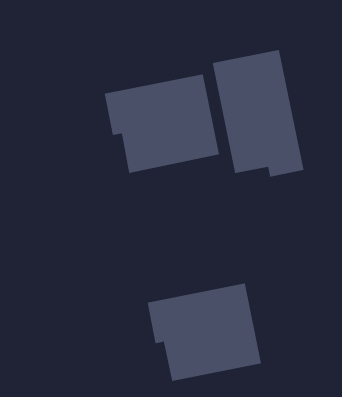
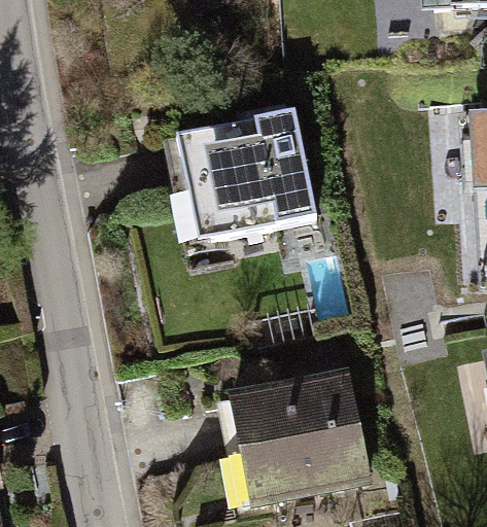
building: [212,49,304,178] -> none

